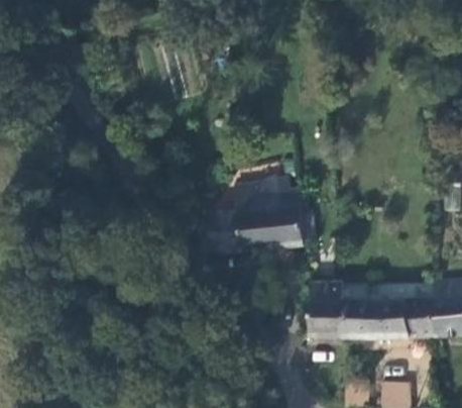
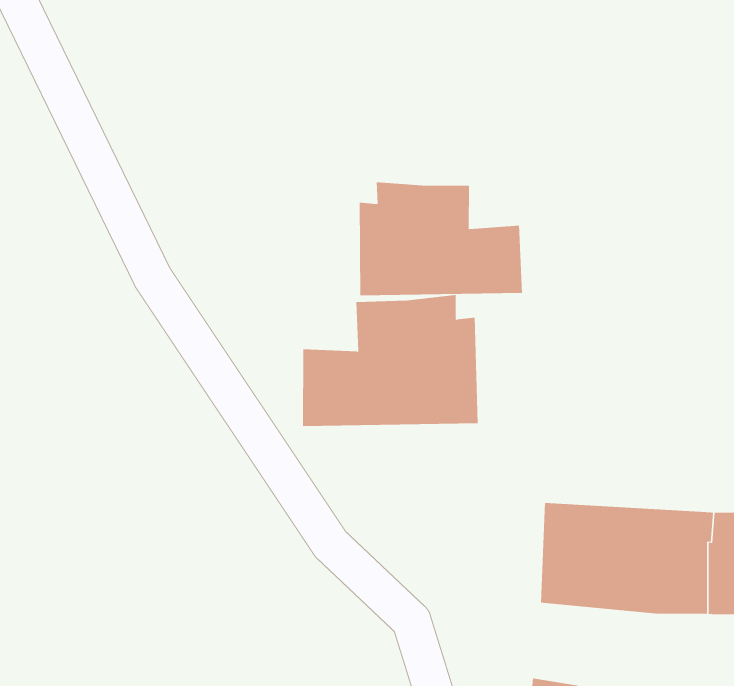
building: none -> [359,182,522,296]
building: [310,281,346,337] -> none

